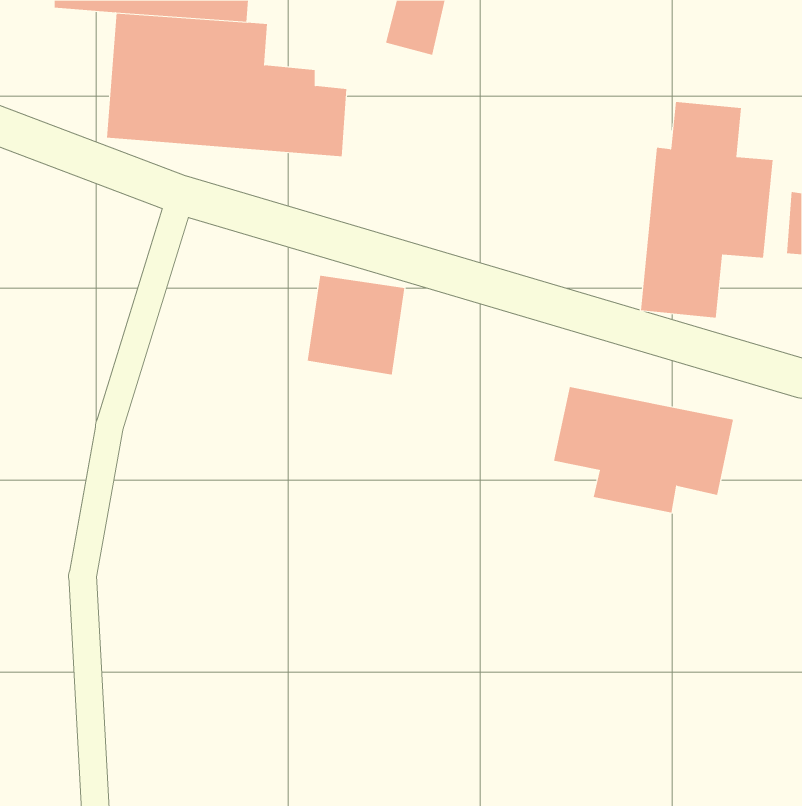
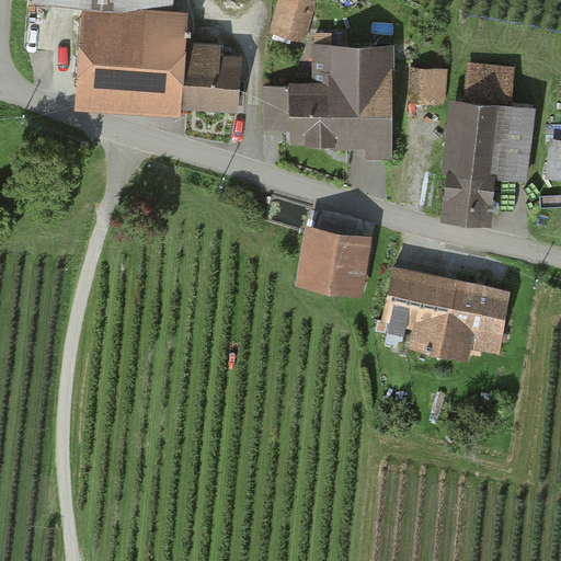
building: none -> [266,50,399,148]
building: none -> [409,65,446,102]
building: [307,275,405,375] -> [296,224,364,293]

